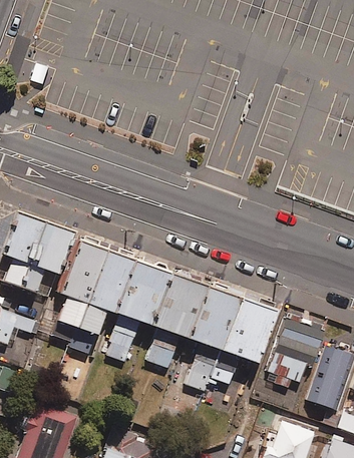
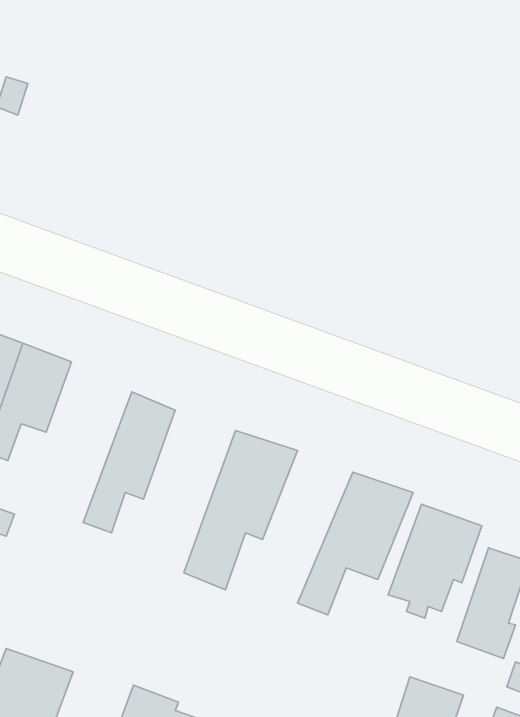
building: [60,240,112,329] -> none
building: [105,262,174,362] -> none
building: [184,286,245,392] -> none

